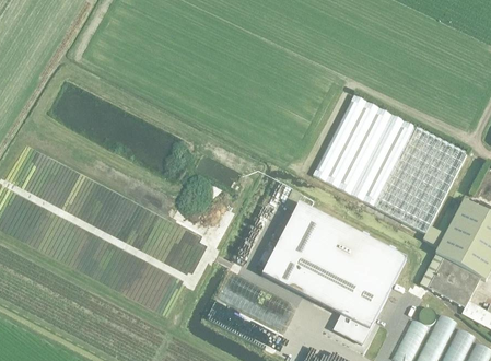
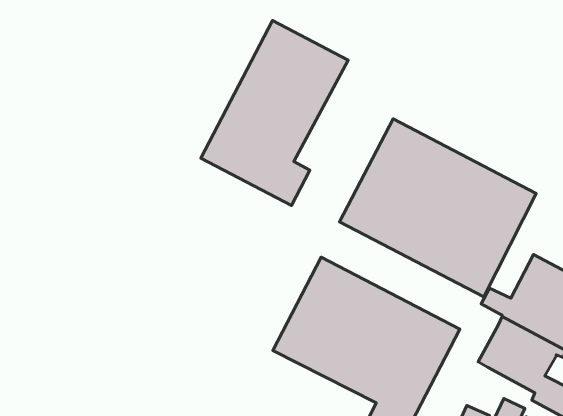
building: none -> [201,20,348,205]

